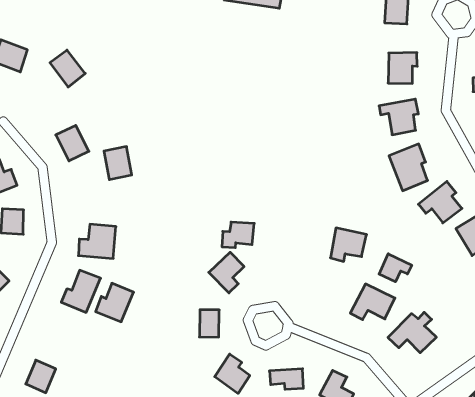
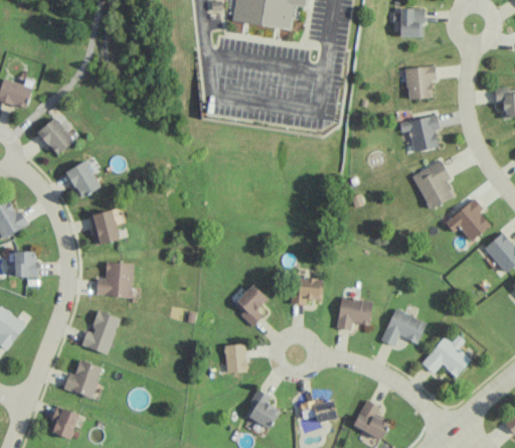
building: [50,50,85,87] -> [36,118,73,156]
building: [104,147,132,180] -> [89,210,119,246]
building: [222,222,254,248] -> [291,279,323,305]
building: [330,228,367,261] -> [336,297,372,331]
building: [379,254,412,282] -> none
building: [96,283,134,322] -> [63,359,102,399]

